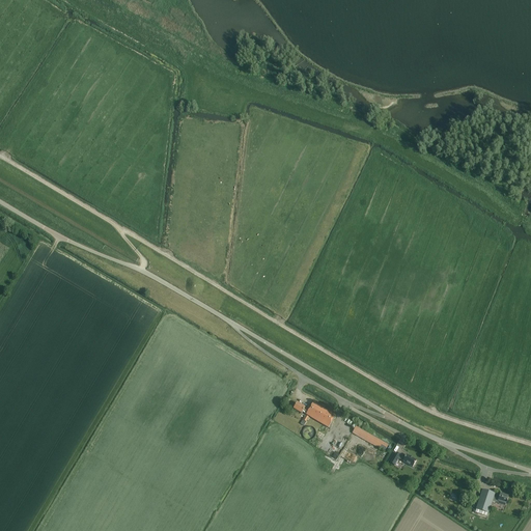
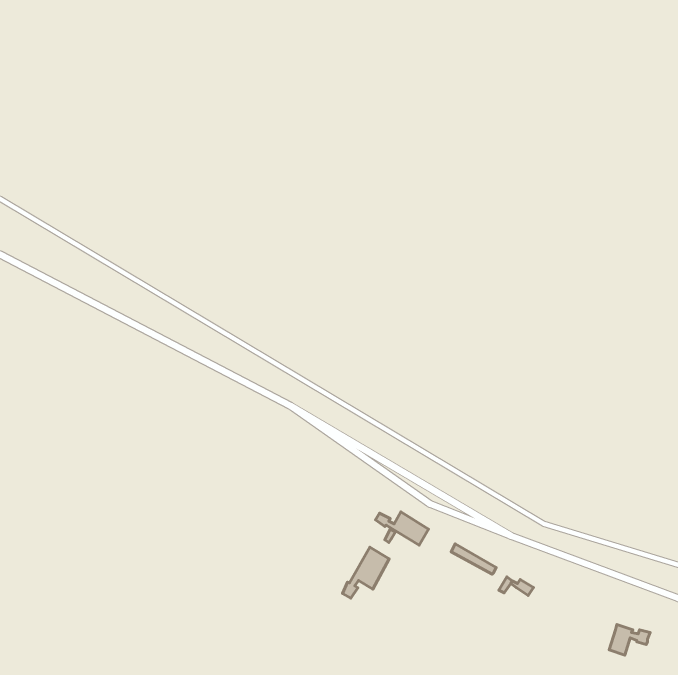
building: none -> [342,547,389,598]

